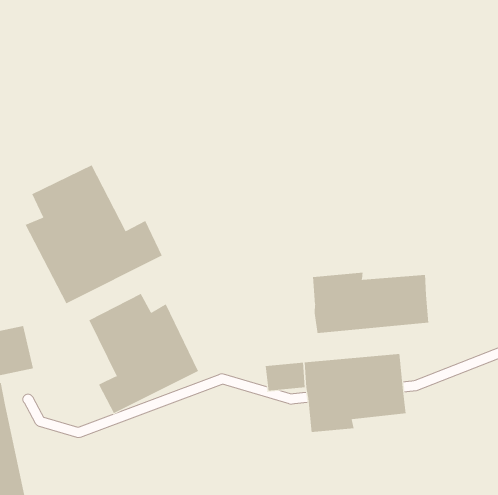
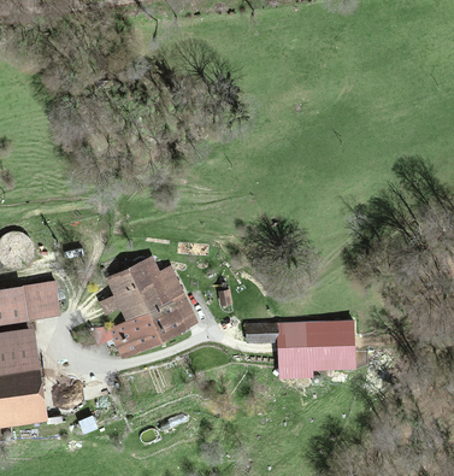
building: [25,164,163,304] -> none
building: [312,272,429,334] -> none

